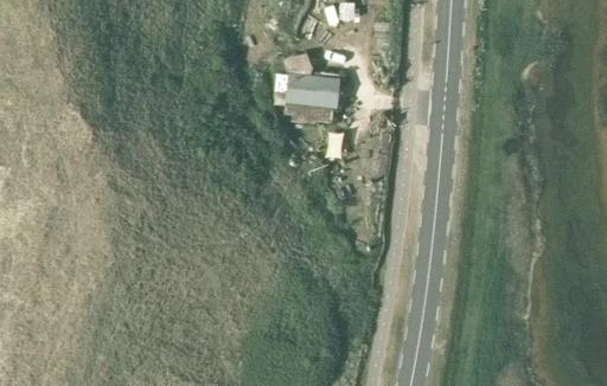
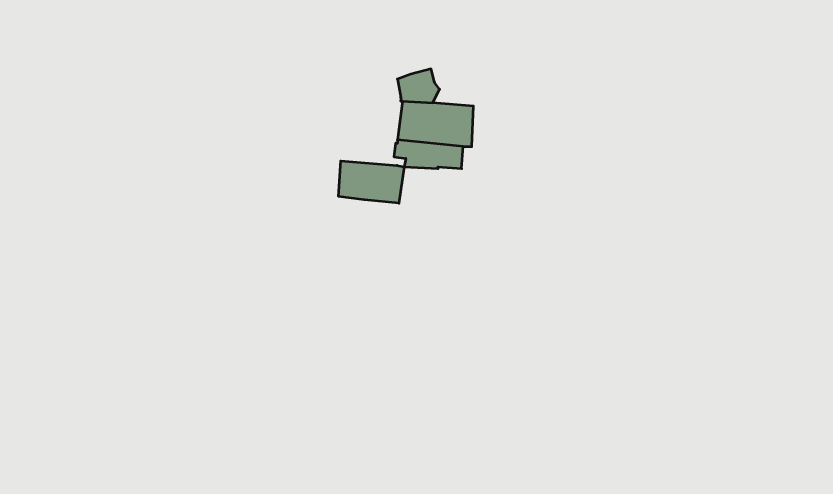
building: none -> [339,161,404,203]

